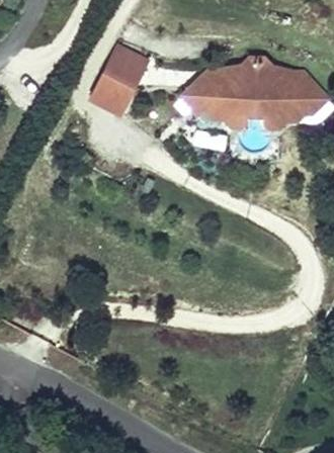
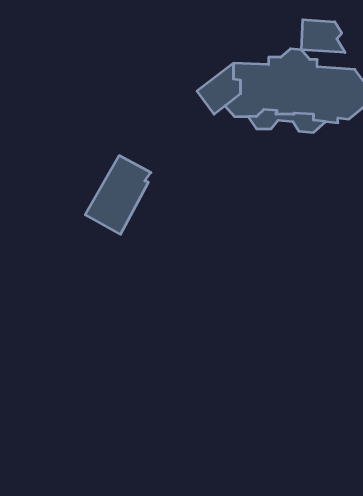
building: none -> [301,20,345,53]
building: [92,42,147,108] -> [85,156,151,234]

